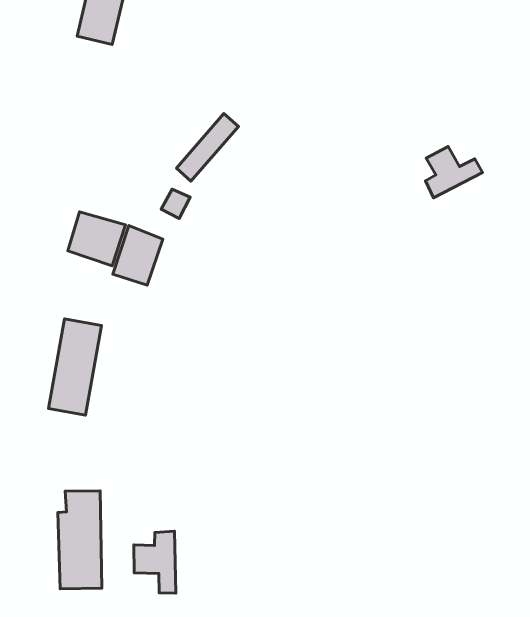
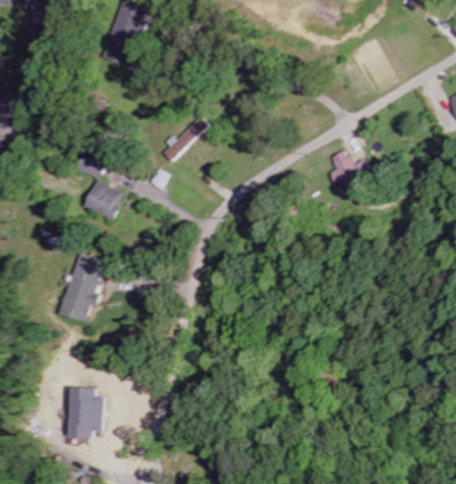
building: [113,226,163,285] -> none
building: [134,531,176,593] -> none

